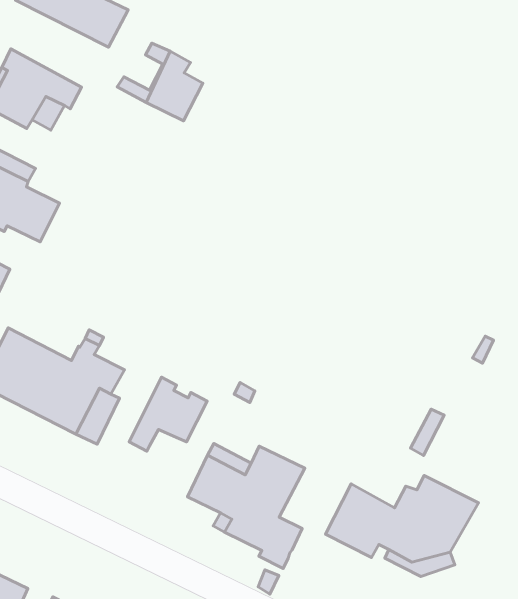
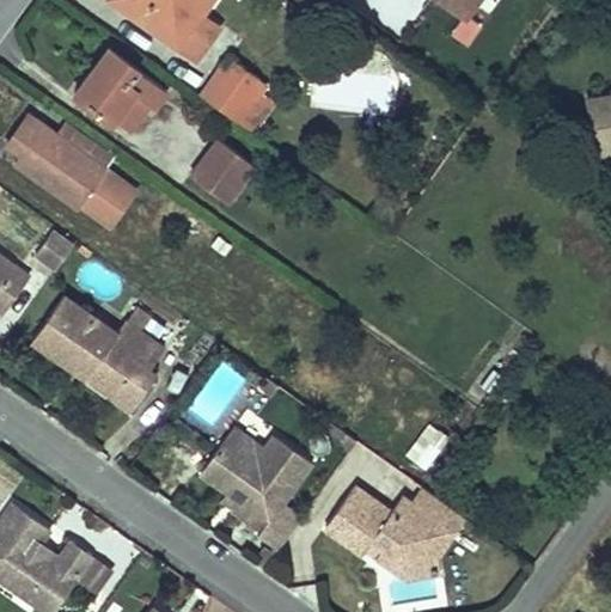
building: none -> [189,137,252,202]
building: [129,377,207,451] -> none

